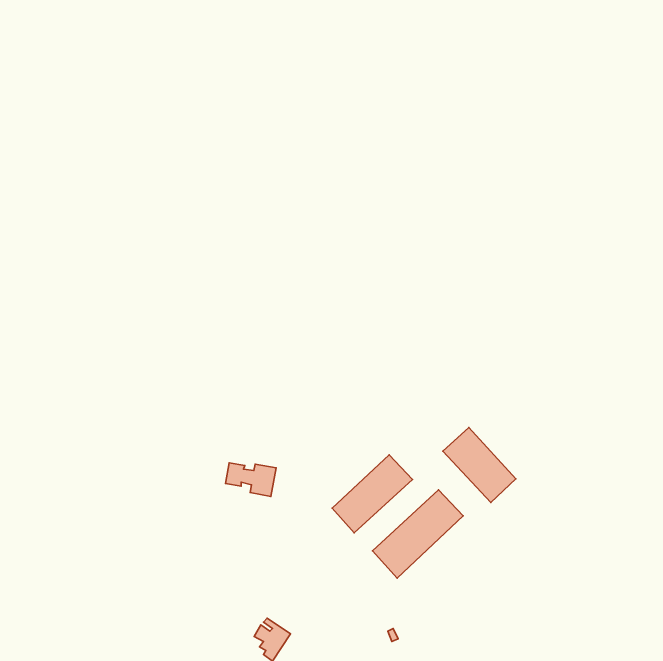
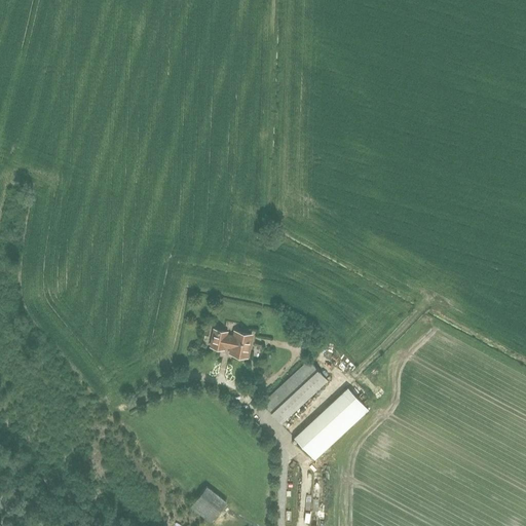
building: [443,428,516,502] -> none
building: [225,463,276,497] -> [211,331,251,358]

